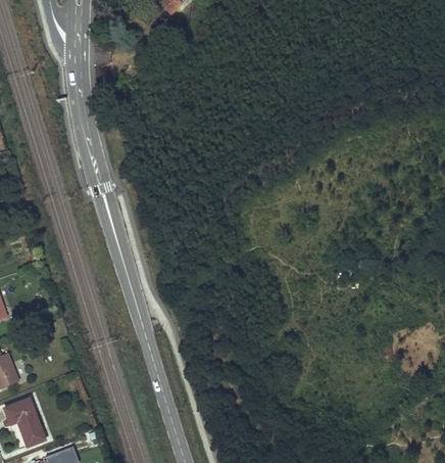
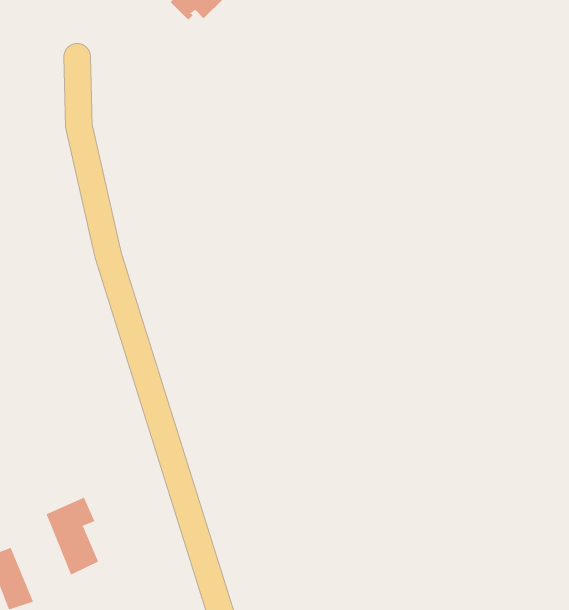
building: none -> [46,497,99,575]

